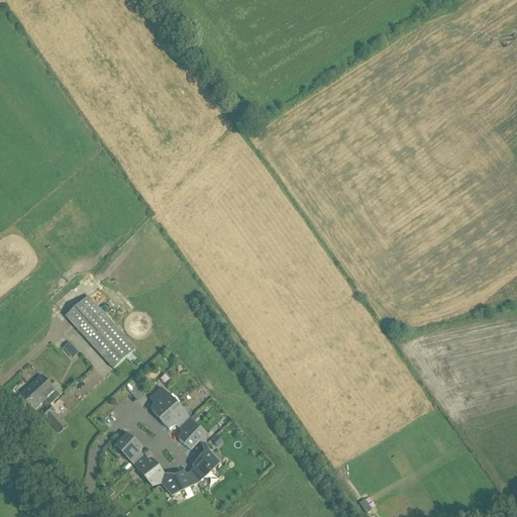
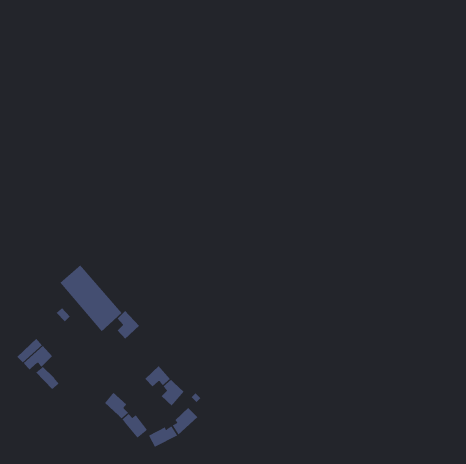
building: [150,386,176,418] -> [117,310,140,340]

